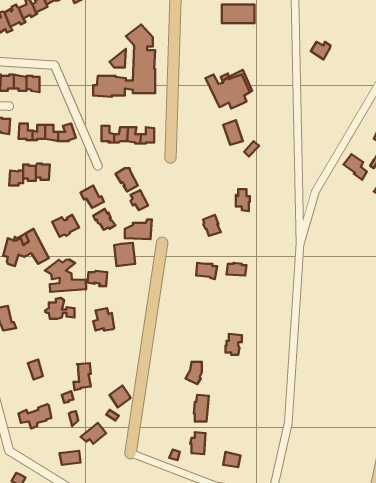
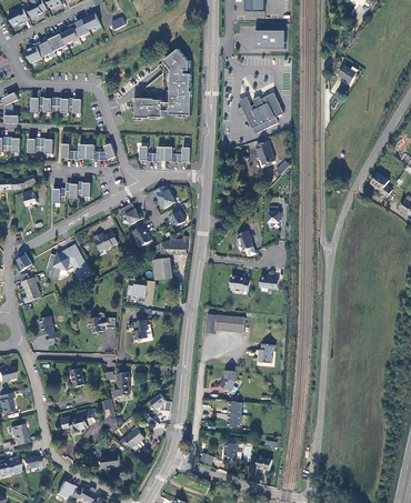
building: [45,260,86,292] -> none
building: none -> [204,313,243,333]

